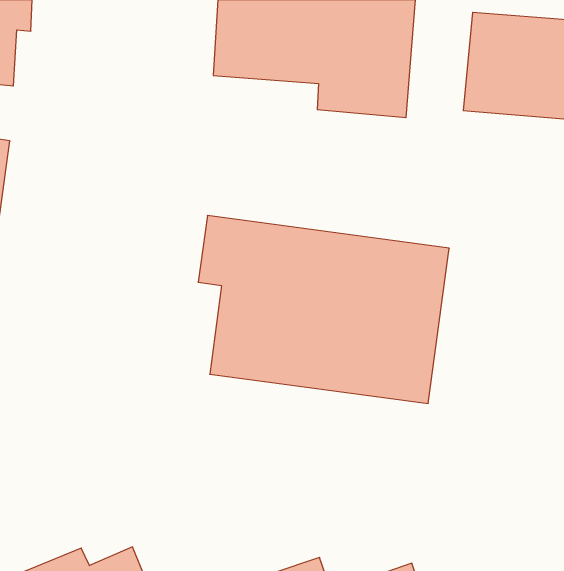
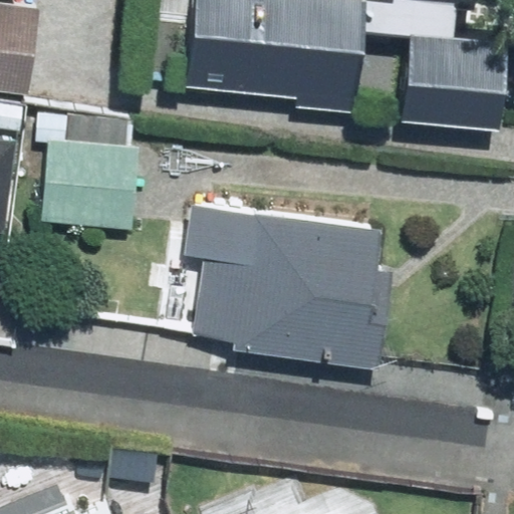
building: none -> [43,145,139,223]

